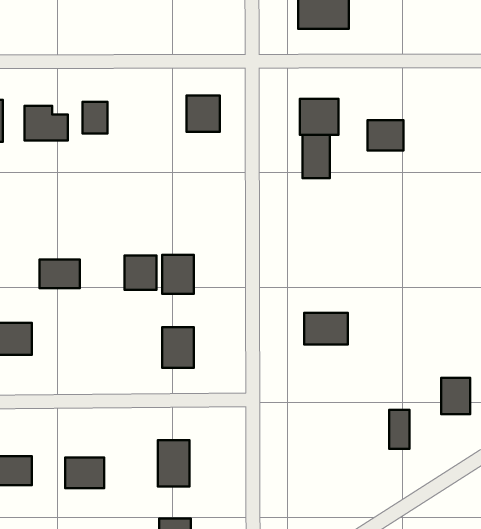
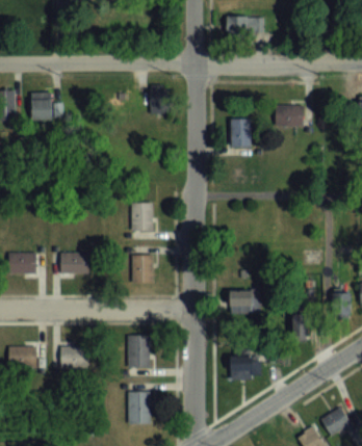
building: [300,99,339,135] -> none
building: [83,102,107,134] -> none
building: [125,255,156,290] -> none
building: [39,259,80,288] -> [59,253,88,273]
building: [304,313,348,345] -> [229,291,260,314]
building: none -> [230,358,261,378]

